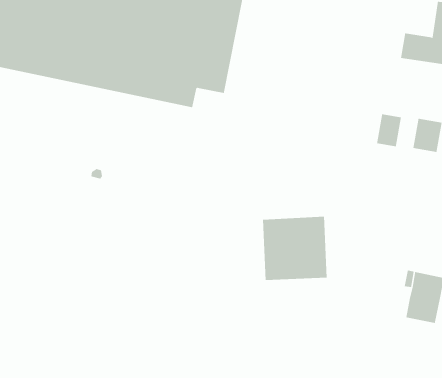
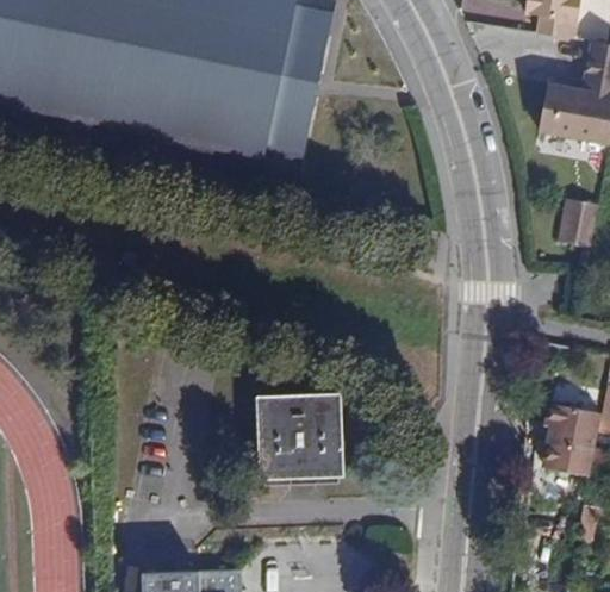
building: [376,113,402,147] -> none
building: [262,216,327,280] -> [256,392,344,479]

